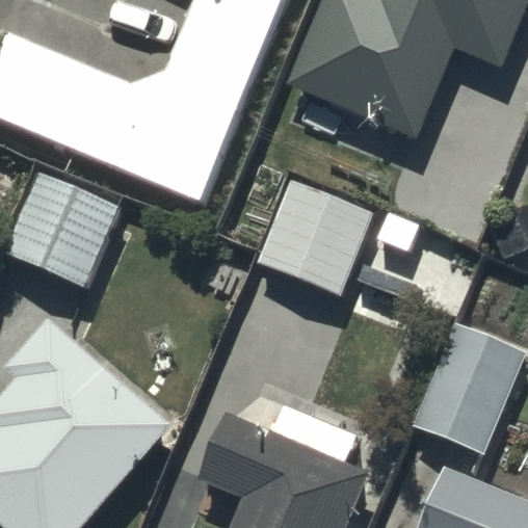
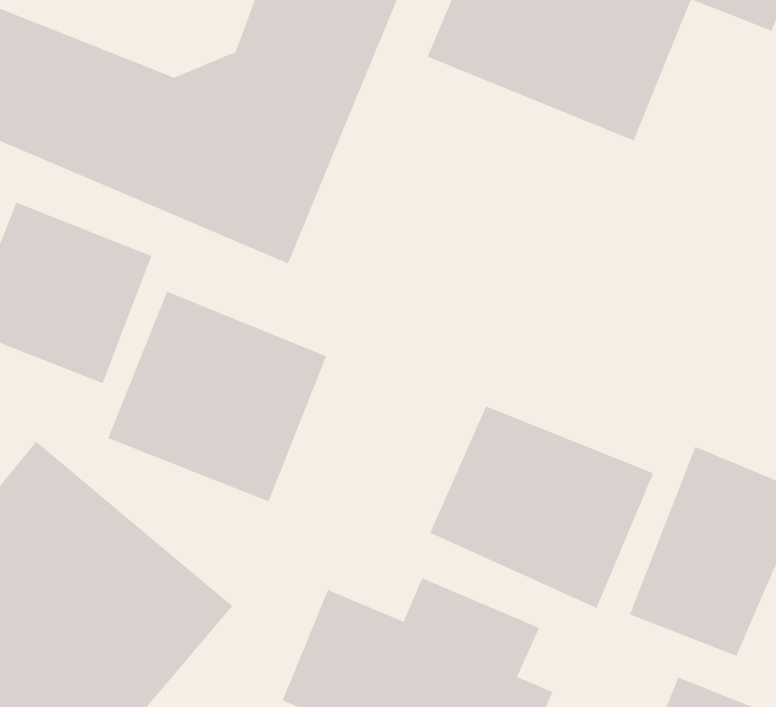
building: [258,181,368,292] -> none
building: none -> [108,291,327,502]
building: none -> [429,406,654,609]

